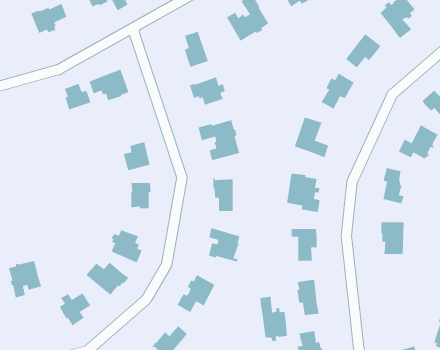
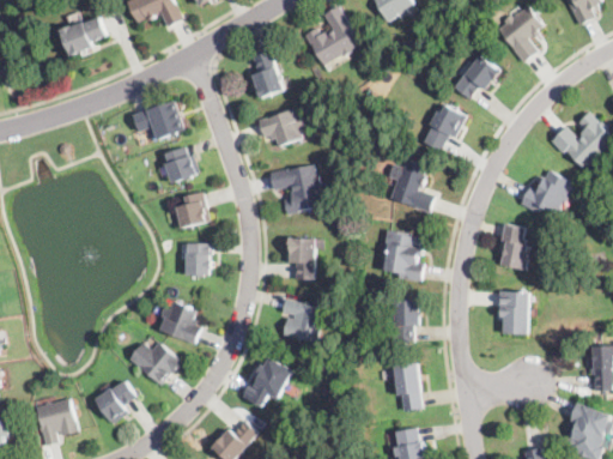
building: [64,83,91,110] -> [164,146,199,181]
building: [8,260,42,298] -> [35,398,78,446]
building: [259,296,288,342] -> none

